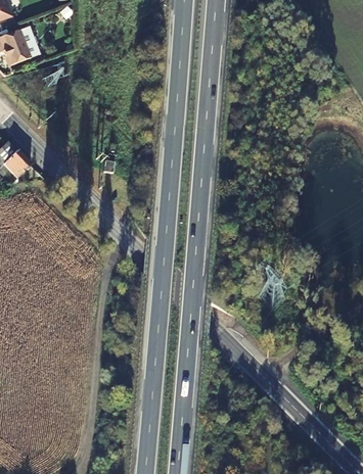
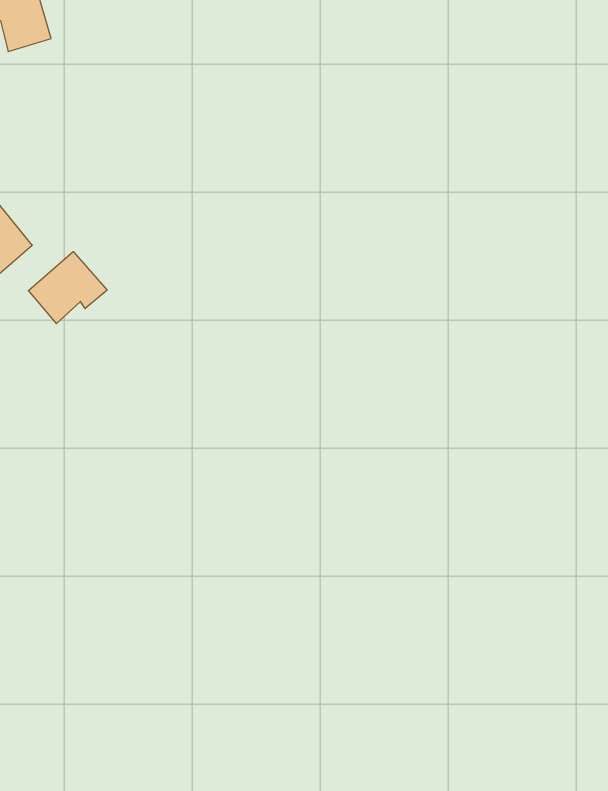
building: none -> [28,252,107,324]

